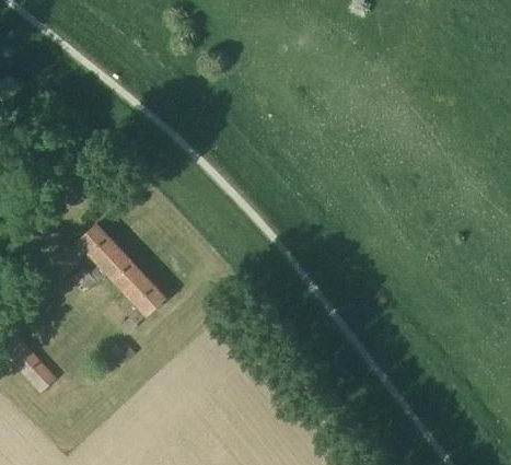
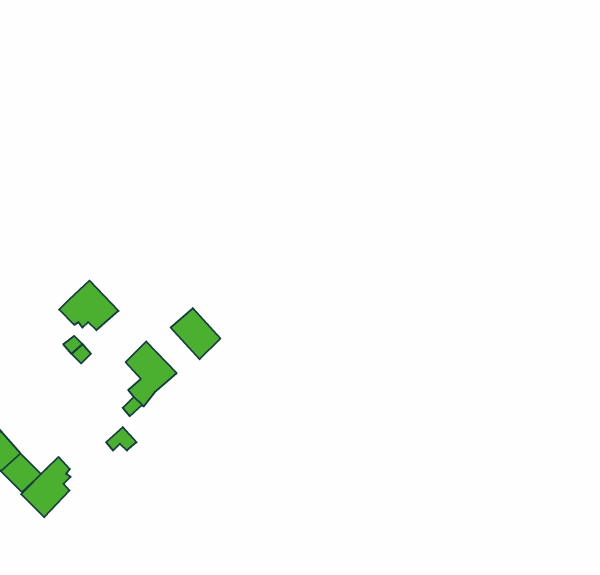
building: [103,247,142,288] -> [171,308,220,359]
building: none -> [21,457,71,517]

